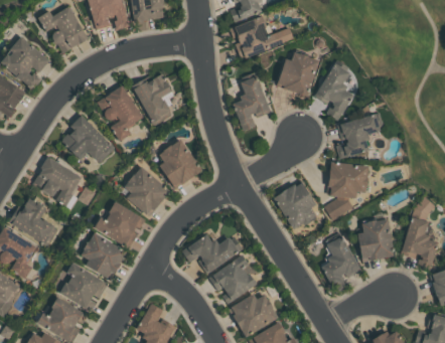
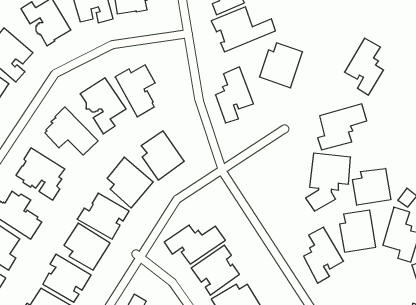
building: [314,62,353,120] -> [344,38,384,95]
building: none -> [352,168,391,205]
building: [274,181,317,230] -> none

